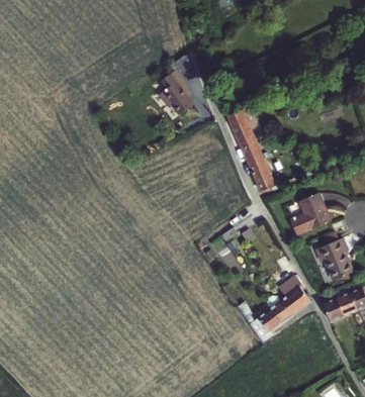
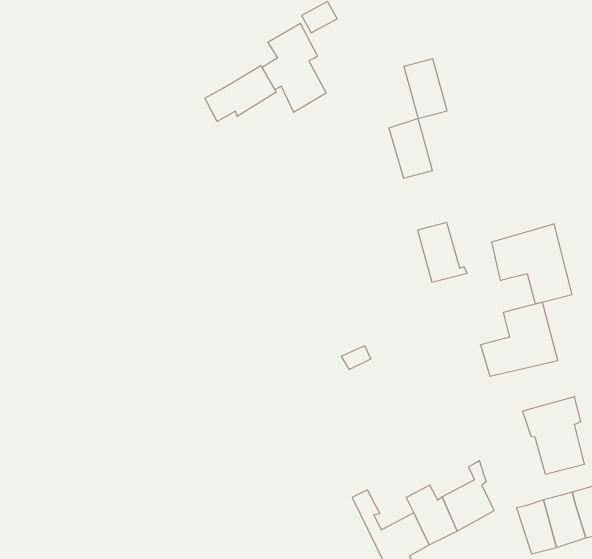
building: none -> [205,66,276,122]
building: [239,133,264,165] -> [404,59,447,118]
building: none -> [492,224,572,304]

